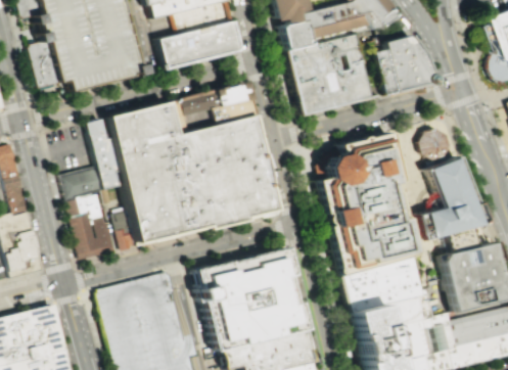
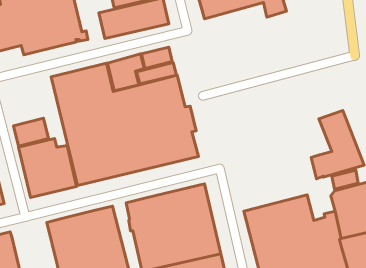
building: [284,33,369,115] -> none
building: [374,35,442,96] -> none
building: [86,119,119,190] -> none
building: [418,126,450,158] -> none
building: [309,128,415,277] -> none

